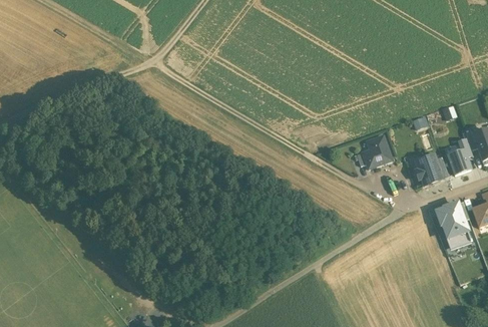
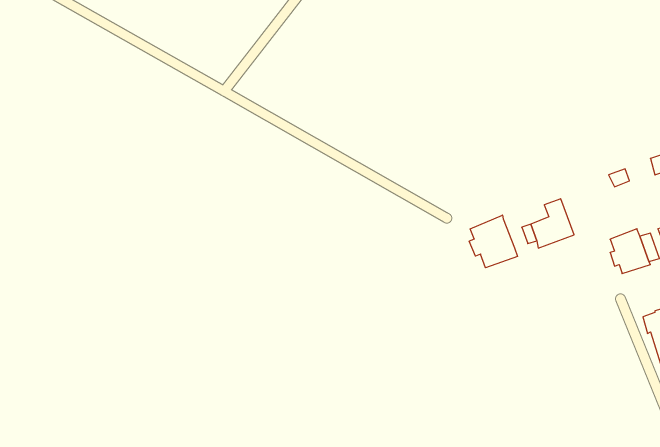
building: none -> [469,215,518,268]

